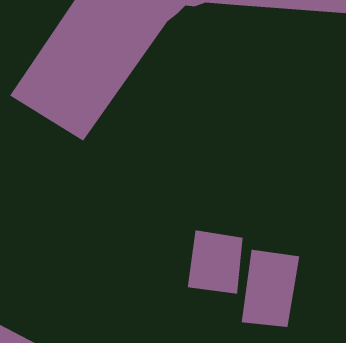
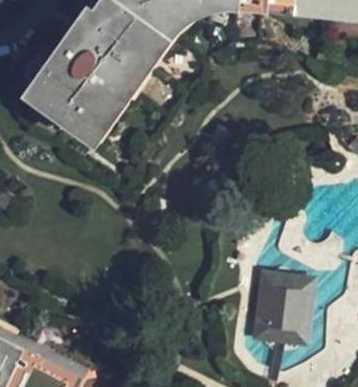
building: [187,229,243,294] -> none

